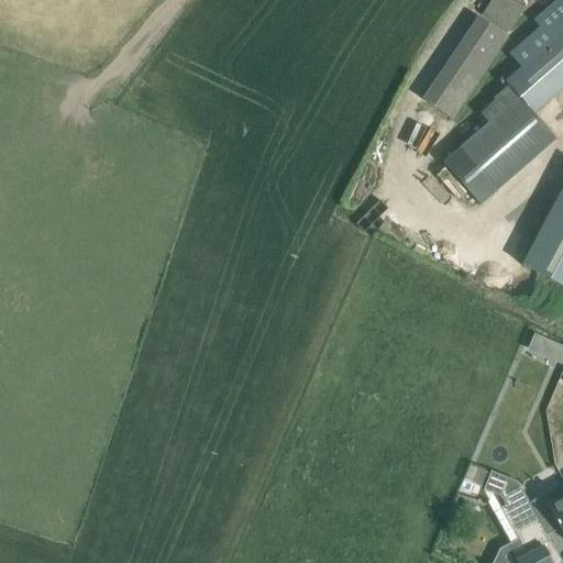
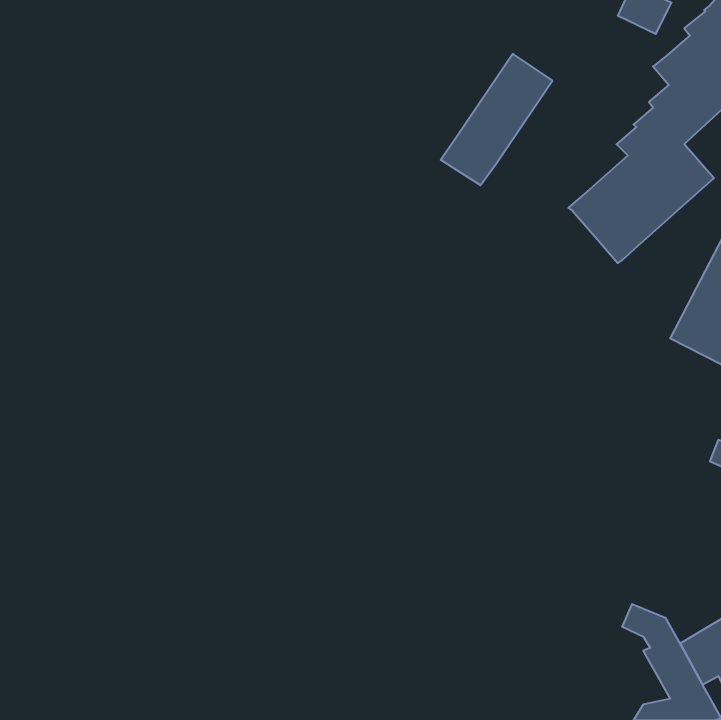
building: [422,15,509,118] -> [441,54,552,185]

